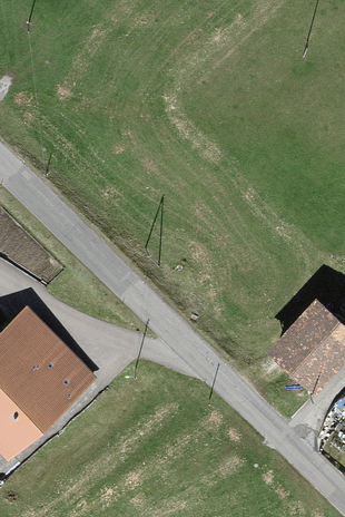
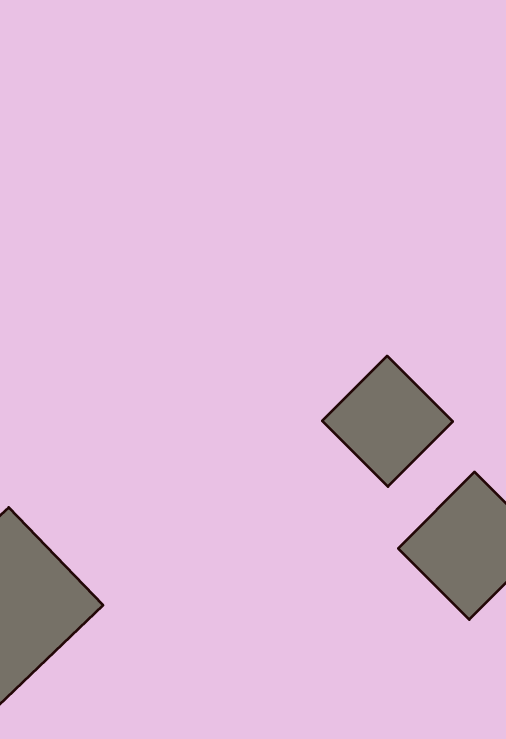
building: none -> [322,356,453,487]

